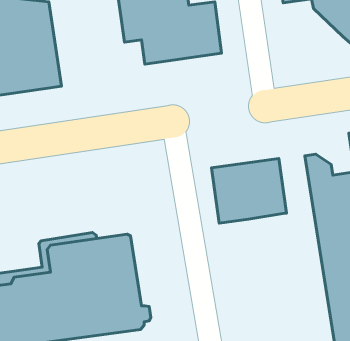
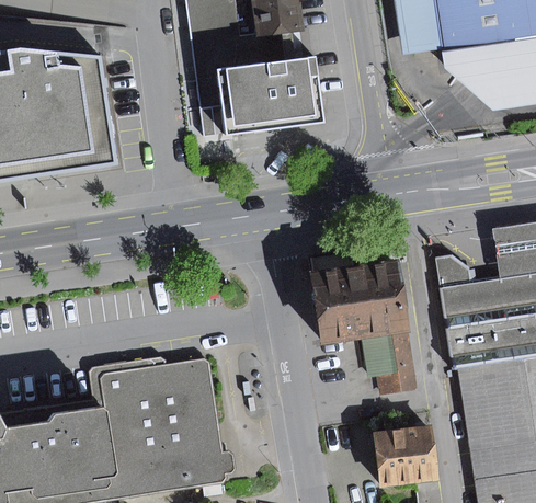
building: none -> [362,331,417,392]
building: none -> [375,424,438,487]

